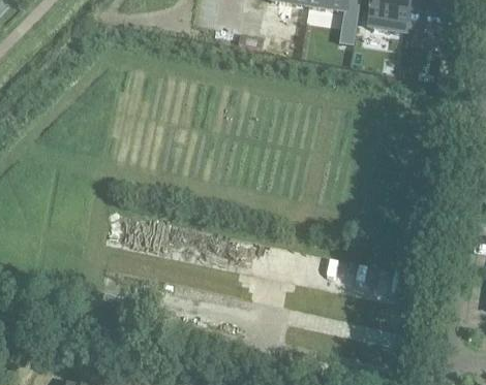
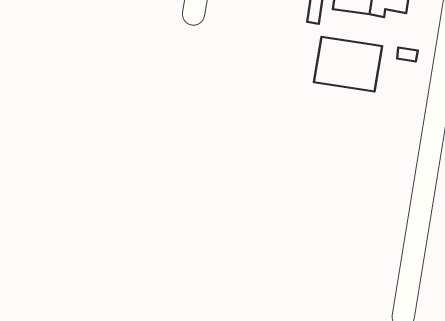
building: none -> [314,37,382,91]

